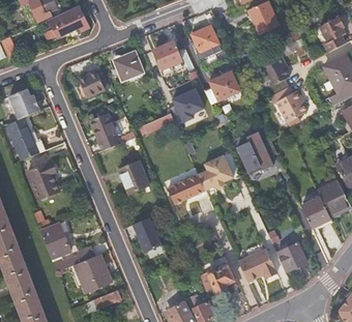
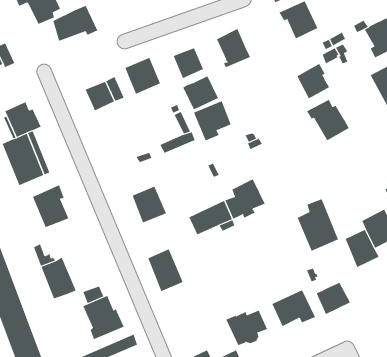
building: [209,71,240,101] -> [183,75,219,110]
building: [90,112,121,150] -> none
building: [238,129,274,175] -> [297,199,339,252]

